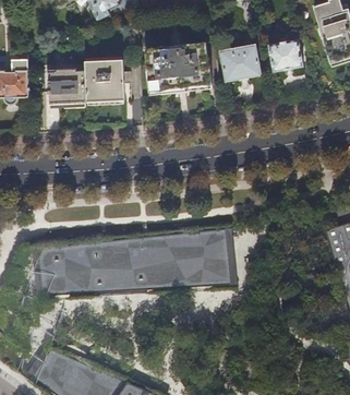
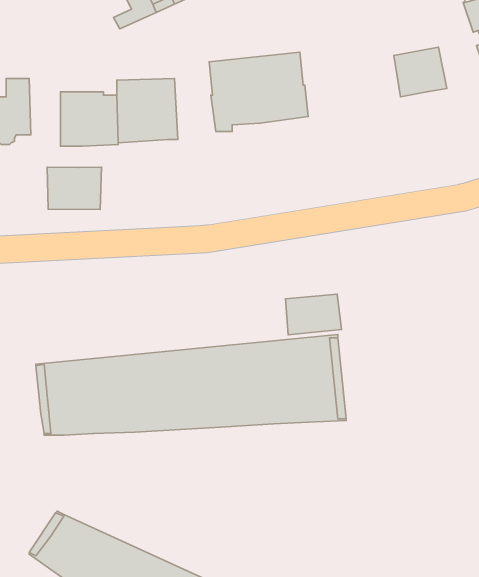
building: [219,32,258,80] -> none
building: none -> [47,167,101,209]
building: none -> [286,294,342,335]

